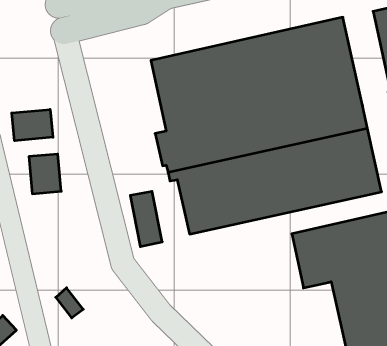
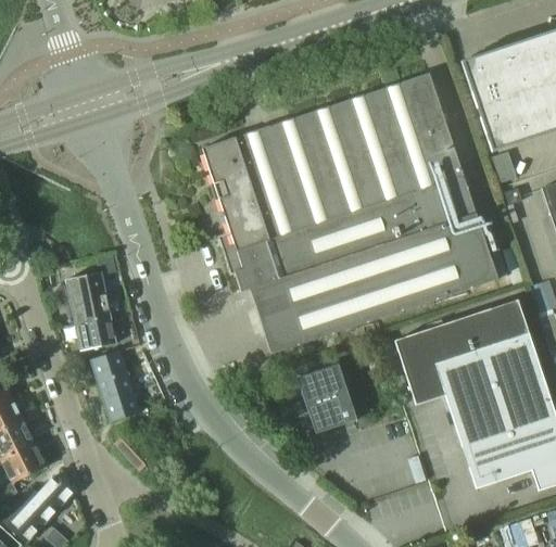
building: [12,109,53,141] -> none
building: none -> [76,317,116,352]
building: [130,191,162,247] -> [93,352,138,420]
building: none -> [298,362,357,430]

